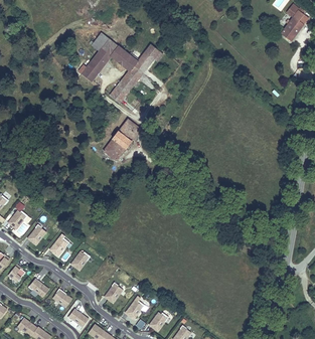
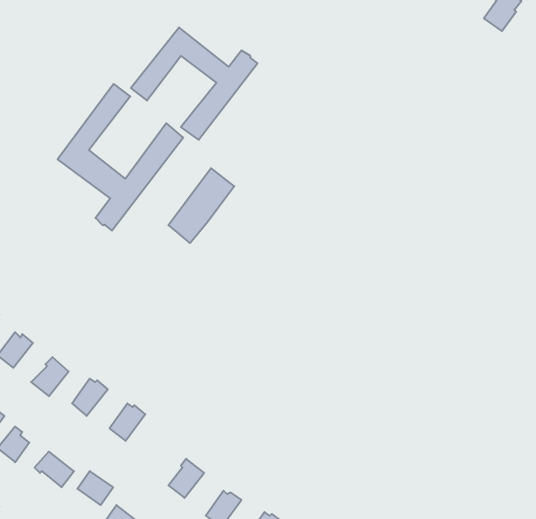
building: none -> [58,84,183,231]

